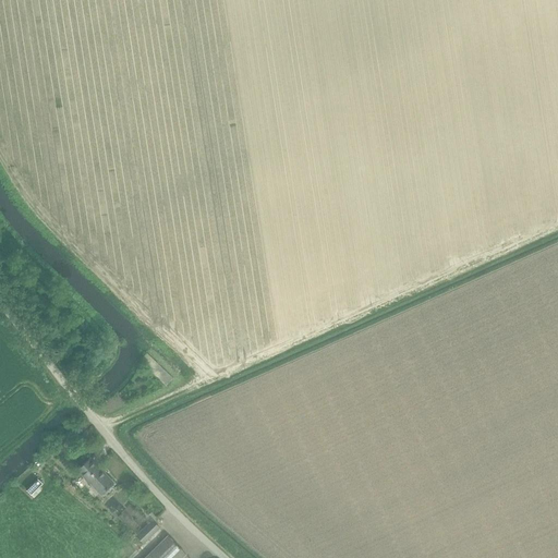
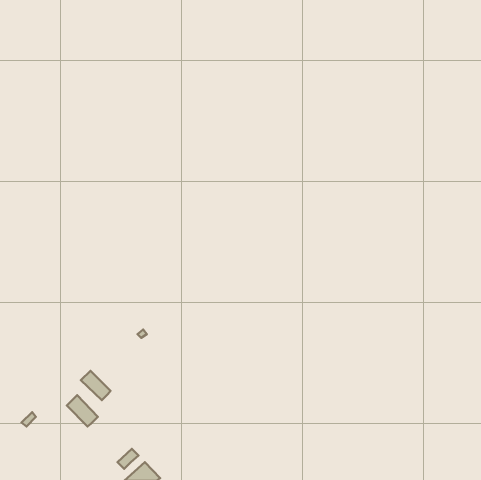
building: none -> [81,371,110,400]

